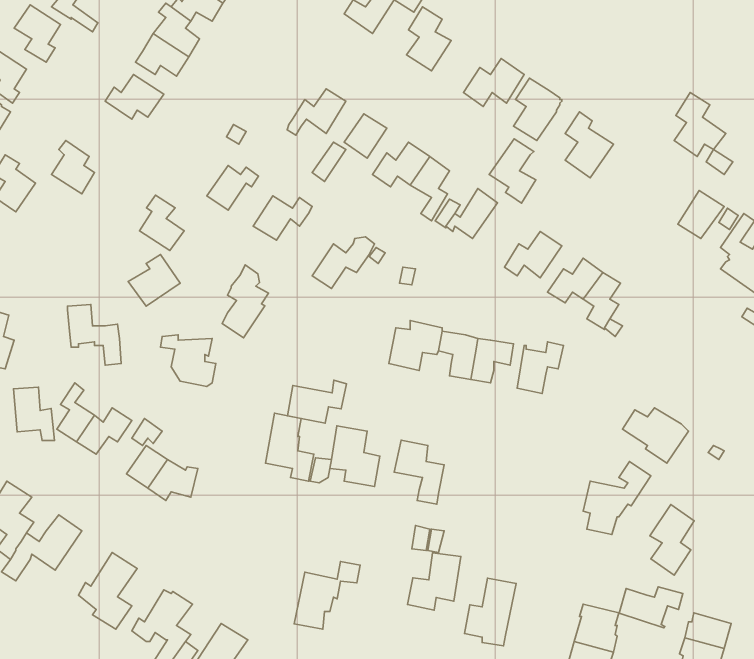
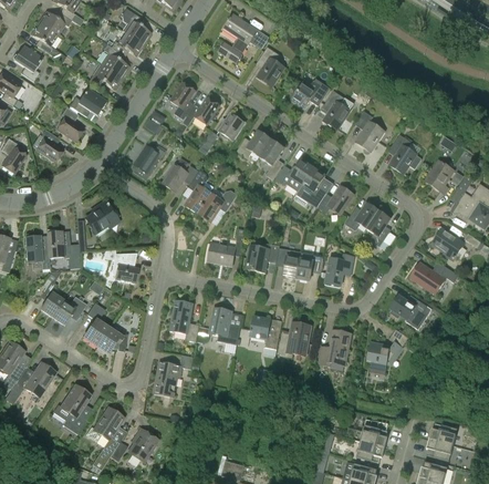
building: none -> [169,82,195,120]
building: [674,92,726,157] -> [389,134,422,174]
building: [489,139,536,203] -> [298,168,326,208]
building: [139,195,184,251] -> [56,107,84,142]
building: [222,265,268,338] -> [185,168,214,214]
building: none -> [431,228,464,259]
building: none -> [409,261,459,295]
building: [288,380,346,423] -> [208,239,244,266]
building: [14,387,55,441] -> [24,235,50,268]
building: [650,505,694,575] -> none
building: [407,553,461,610] -> [277,322,310,358]
building: [294,562,360,629] -> [153,354,194,397]
building: [464,578,516,646] -> [319,329,351,371]
building: [619,587,683,628] -> none

